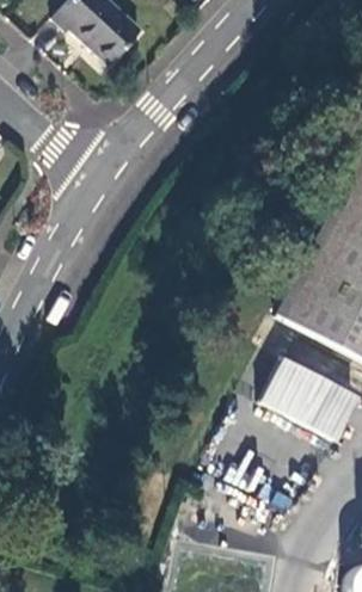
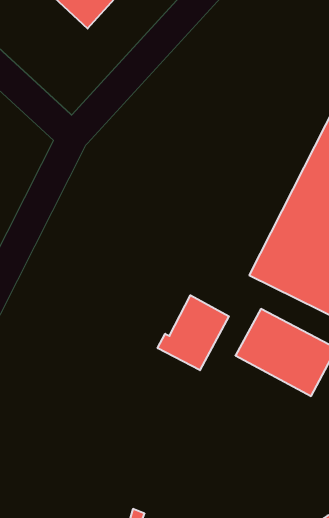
building: none -> [158,295,229,370]

